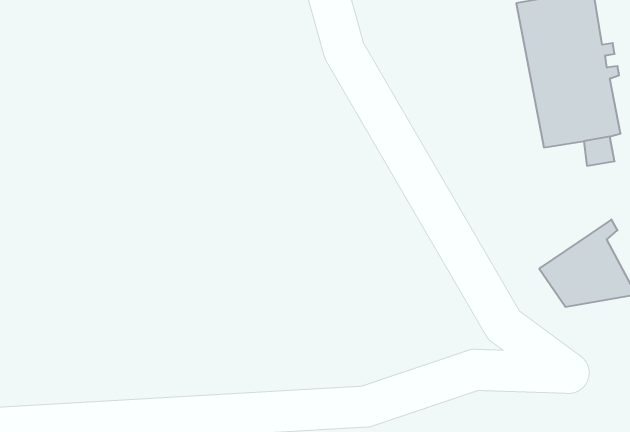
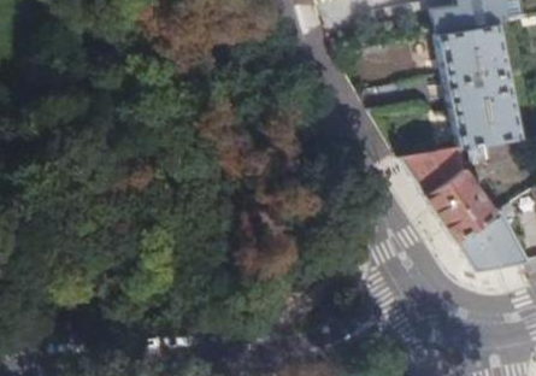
building: none -> [400,146,497,241]

